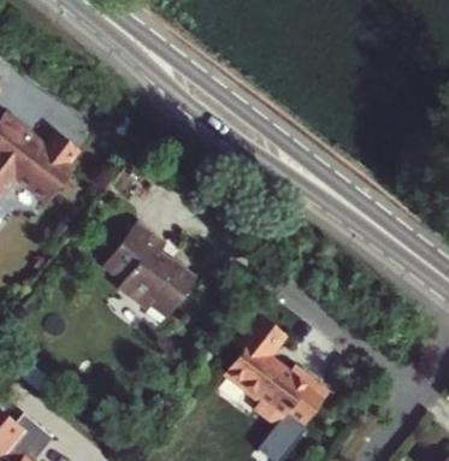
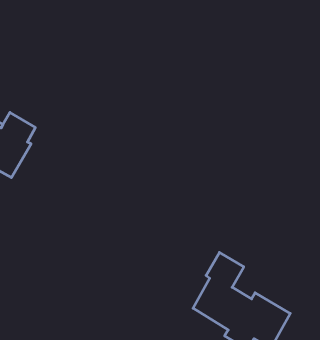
building: [101,221,195,318] -> none

